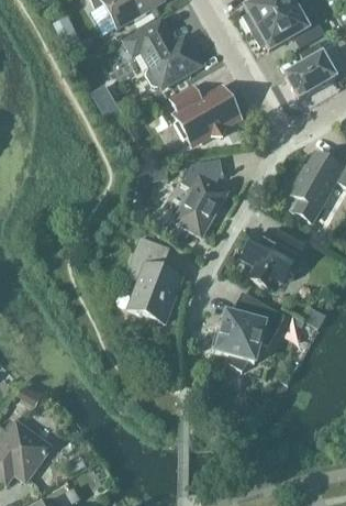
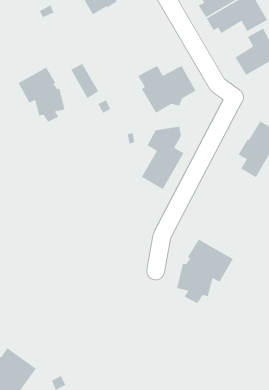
building: [125,19,202,87] -> none
building: none -> [17,66,66,123]
building: [242,226,308,287] -> none
building: [127,235,180,322] -> none

